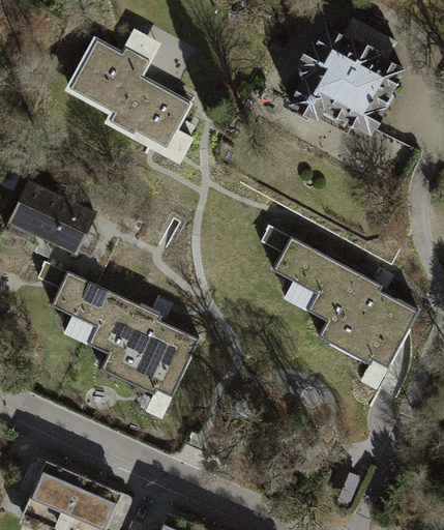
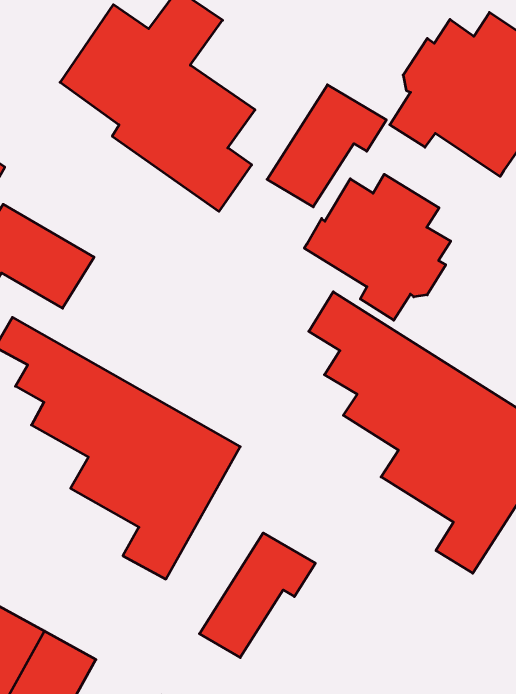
building: none -> [267,85,386,207]
building: none -> [304,174,451,320]
building: none -> [199,533,315,658]

